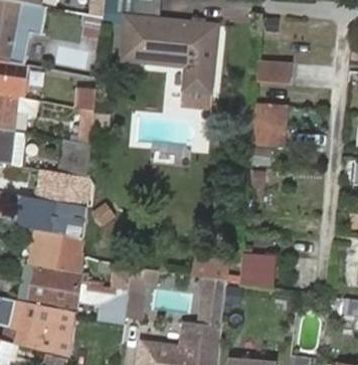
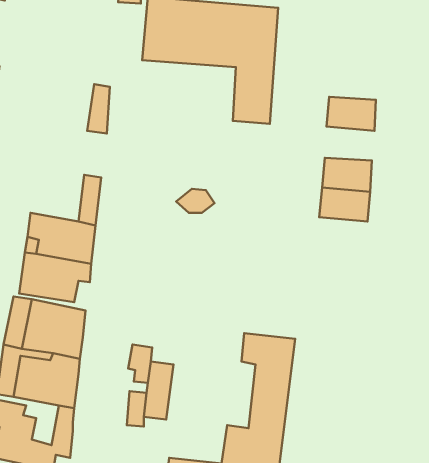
building: [252,56,289,81] -> none
building: [239,259,277,288] -> none

